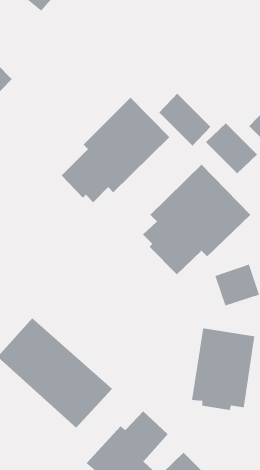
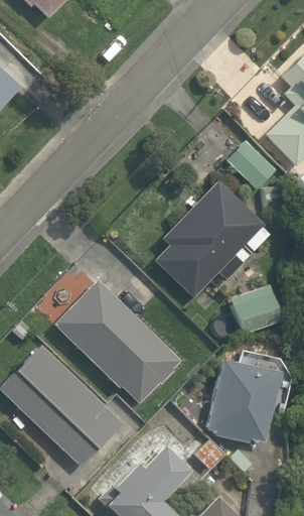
building: [158,93,211,147] -> none
building: [61,97,170,203] -> none
building: none -> [55,280,185,408]

